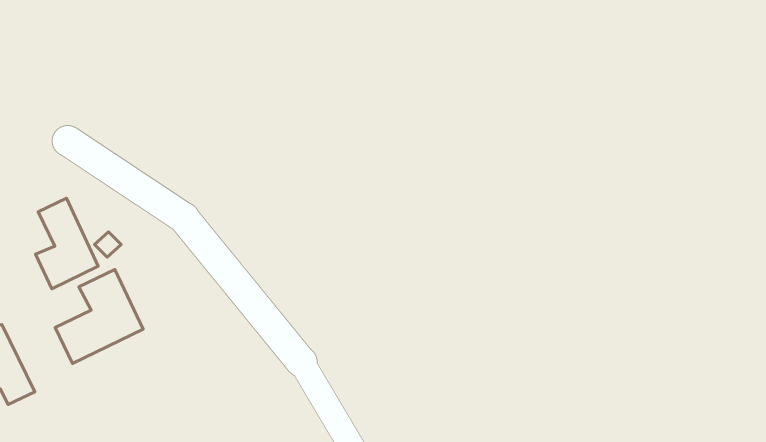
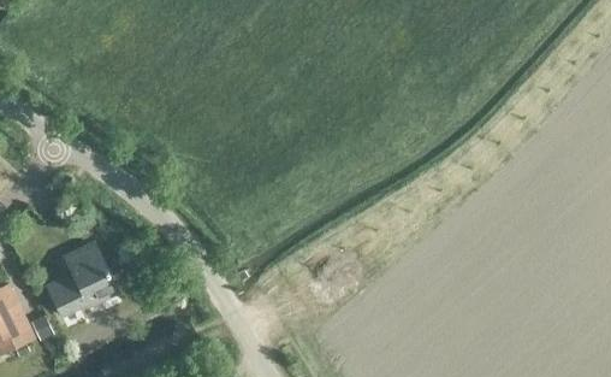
building: [35,198,98,289] -> none

